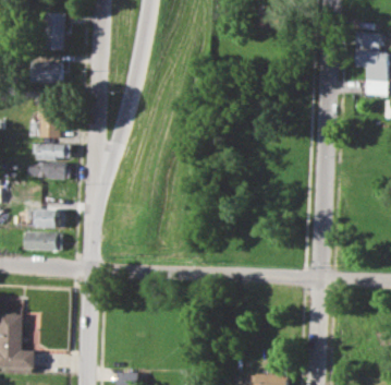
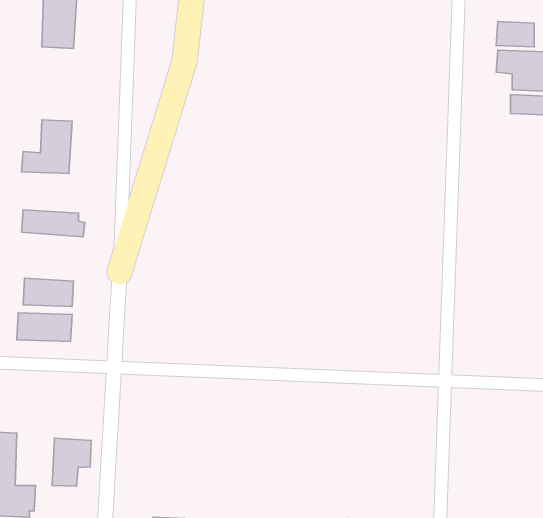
building: [30,61,63,84] -> none
building: [33,143,70,160] -> none
building: none -> [52,438,91,486]

